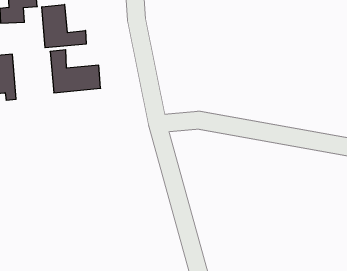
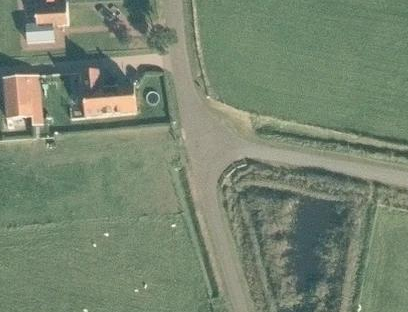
building: [42,4,86,48] -> none

